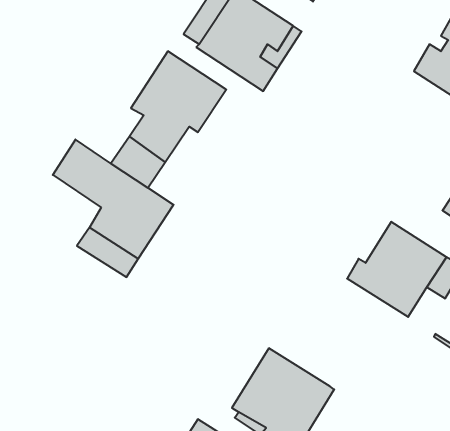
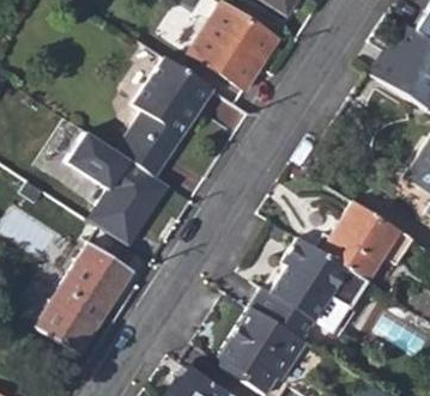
building: none -> [249,236,367,339]
building: none -> [35,242,134,354]

